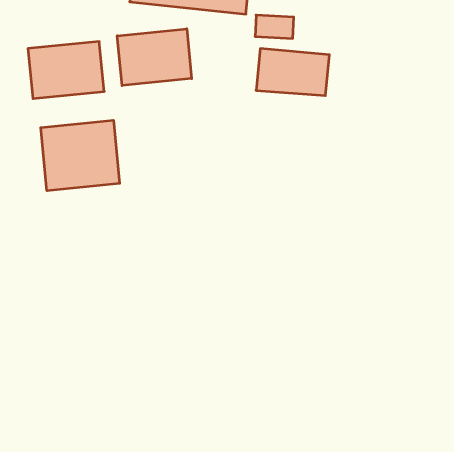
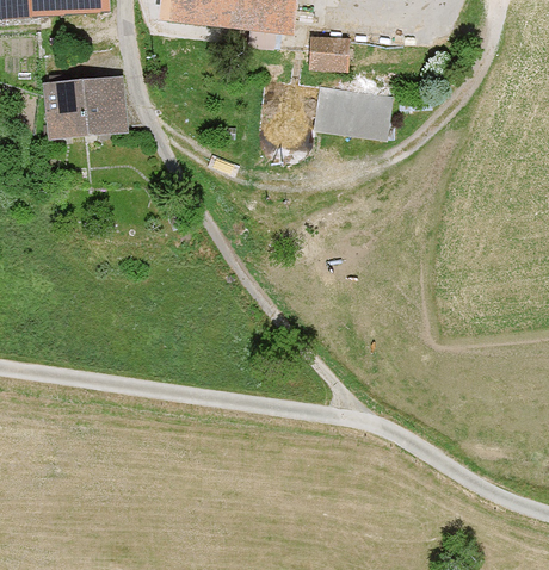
building: [117,29,192,86] -> none
building: [41,120,120,191] -> none

